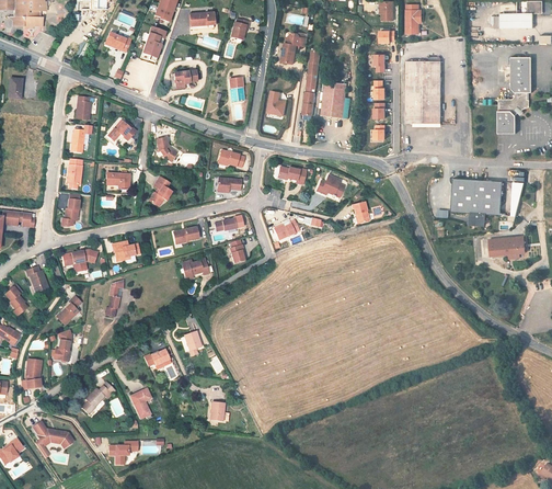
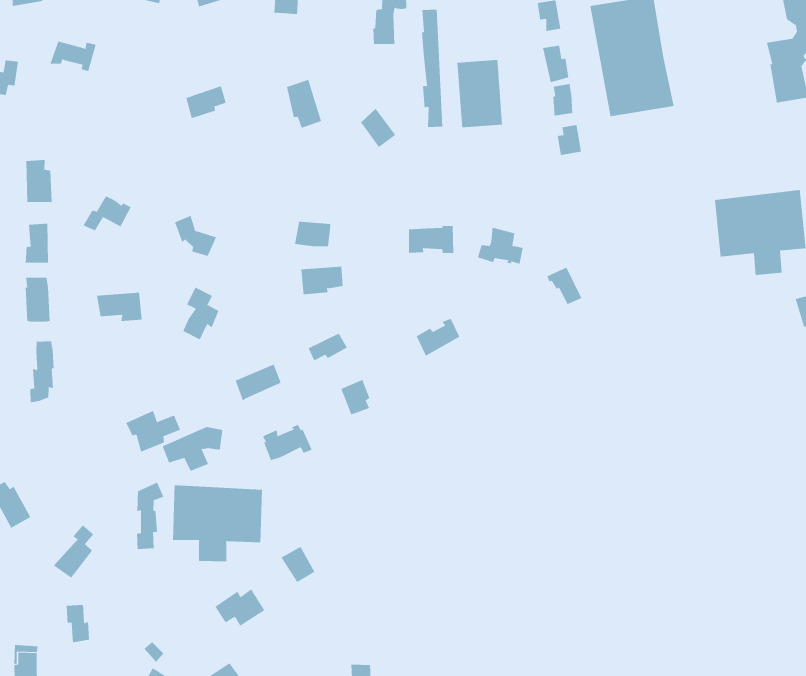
building: [138,25,164,61] -> none
building: [64,249,99,272] -> [162,427,223,471]
building: none -> [172,485,263,562]

